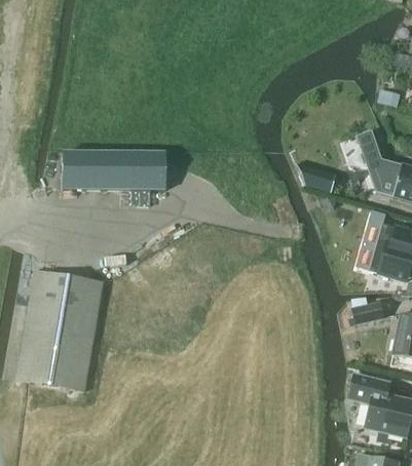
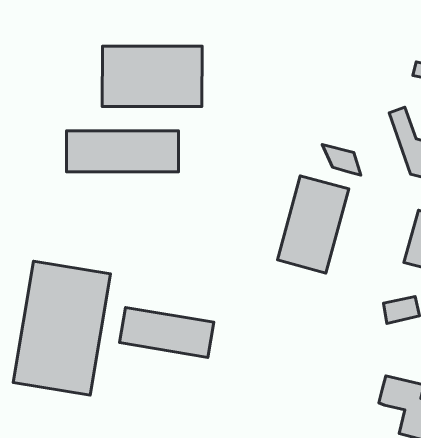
building: none -> [102,46,202,107]
building: none -> [277,176,349,273]
building: none -> [120,307,214,357]

